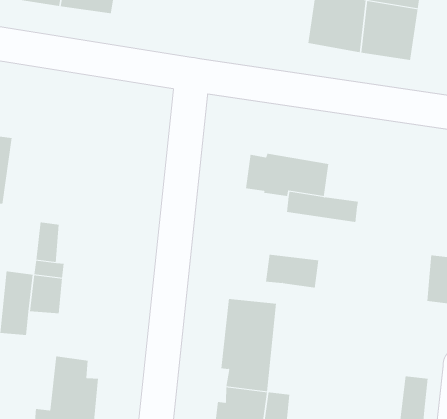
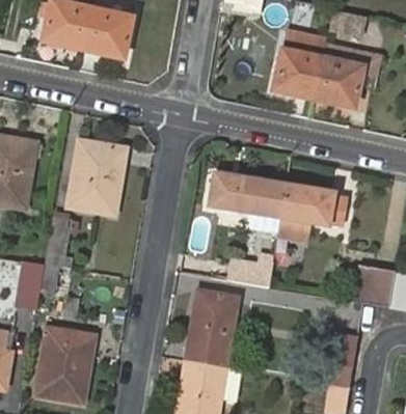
building: none -> [69,140,125,210]
building: none -> [279,187,345,227]

